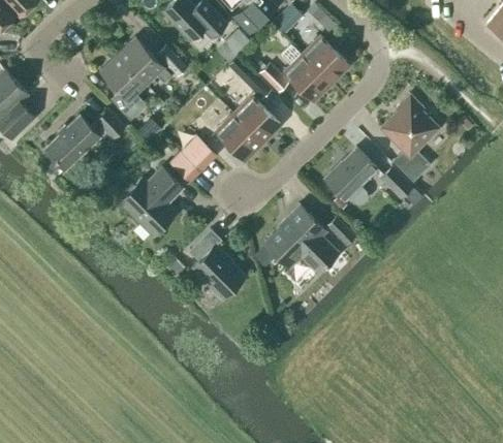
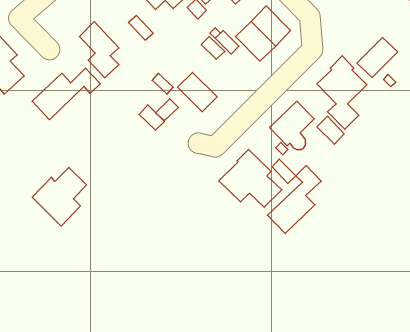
building: [118,38,171,86] -> none
building: none -> [357,38,398,78]
building: [233,96,281,144] -> none
building: [119,167,183,236] -> [32,167,86,226]
building: none -> [267,166,321,234]
building: [189,230,246,299] -> none

